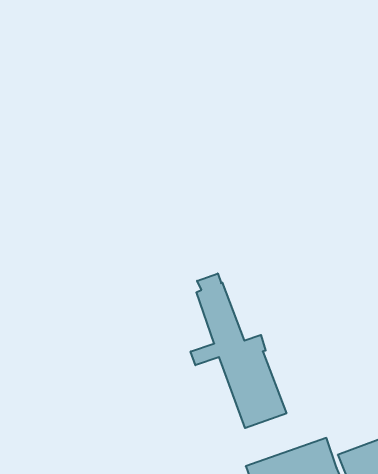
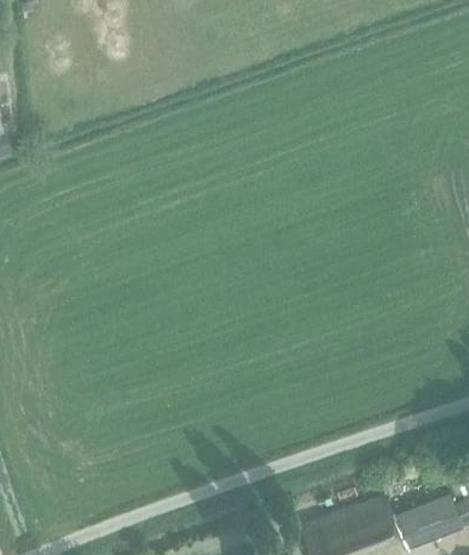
building: [191,273,286,428] -> none

